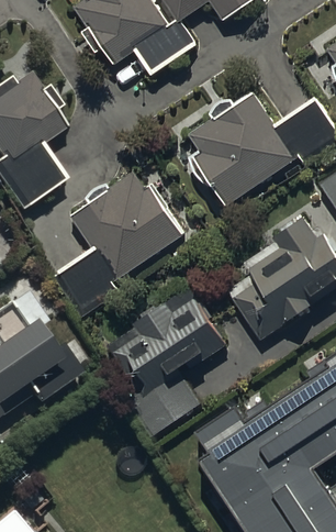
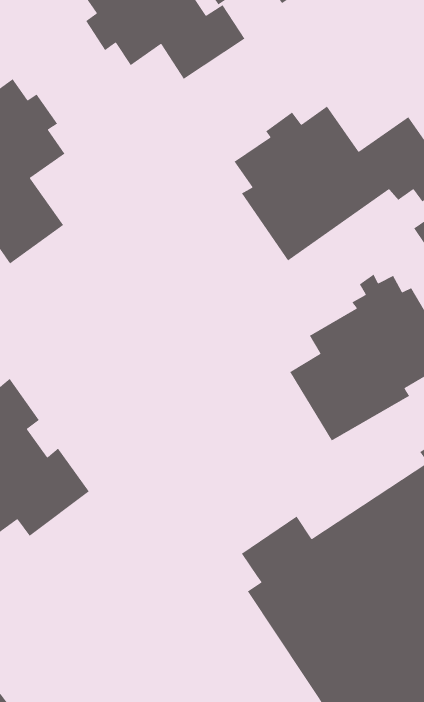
building: [57,171,184,318] -> none
building: [98,290,226,437] -> none

